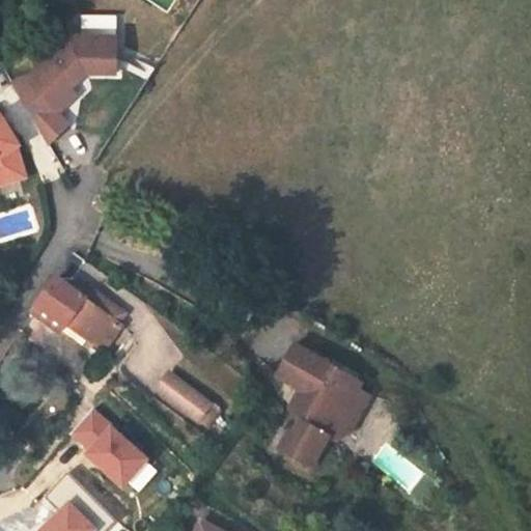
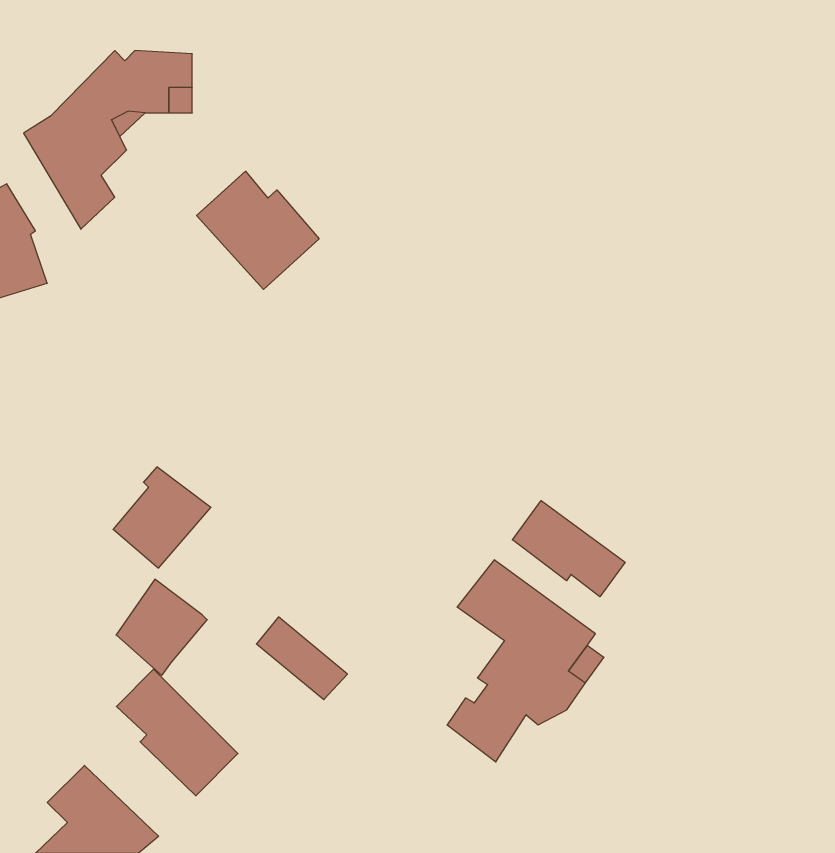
building: none -> [197,171,319,289]
building: [35,275,91,334] -> [116,579,207,675]
building: none -> [512,501,625,597]

